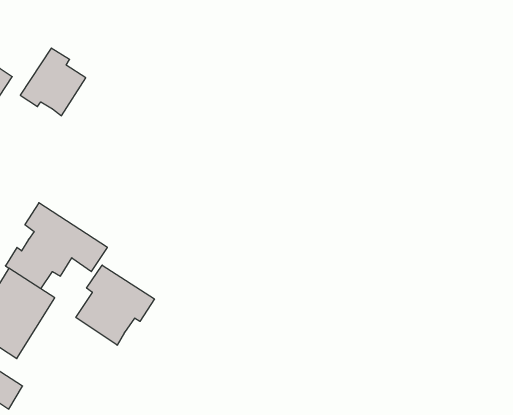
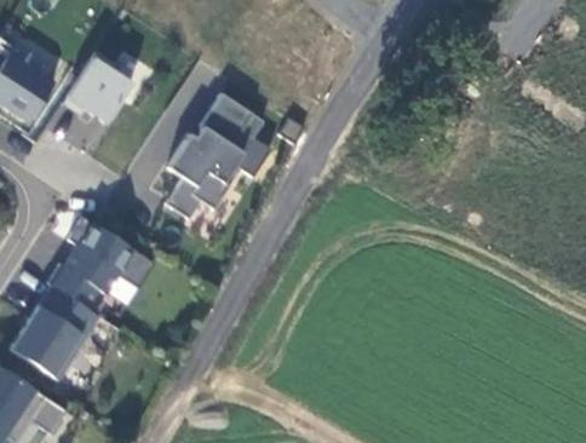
building: none -> [165,93,264,219]
building: [76,265,154,345] -> none

